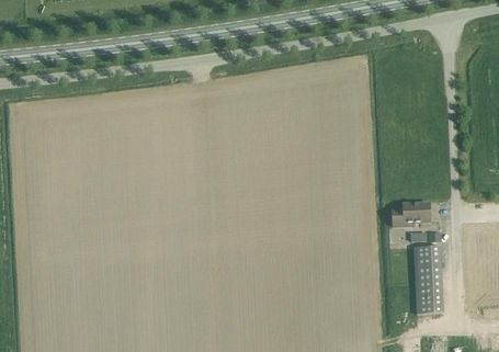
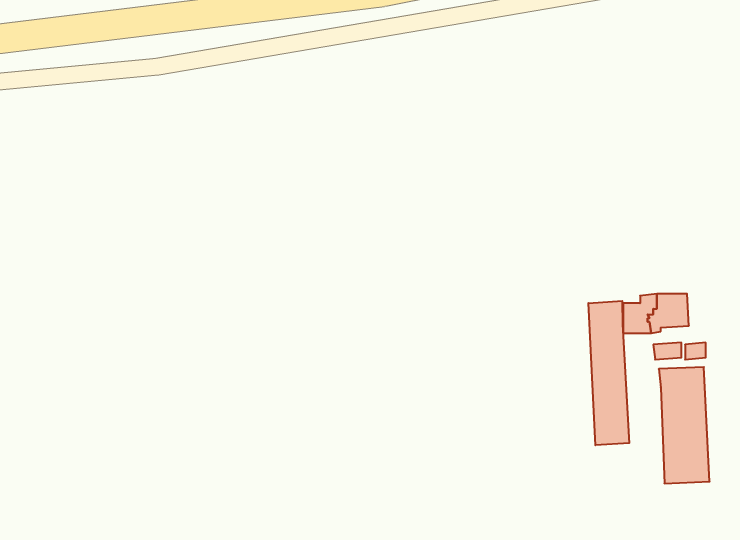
building: none -> [588,301,629,445]

